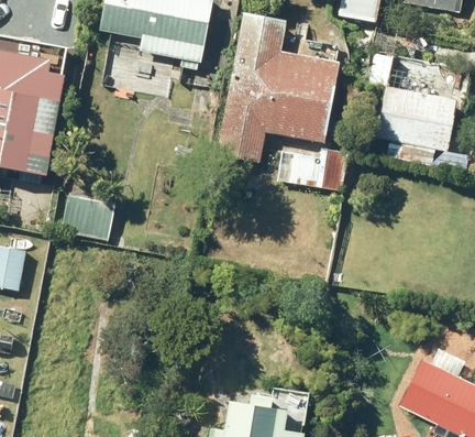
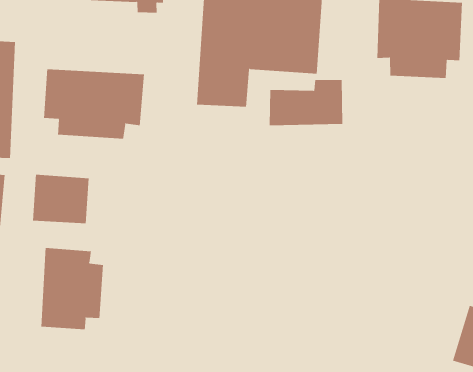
building: none -> [43,68,144,139]
building: none -> [41,247,103,330]

